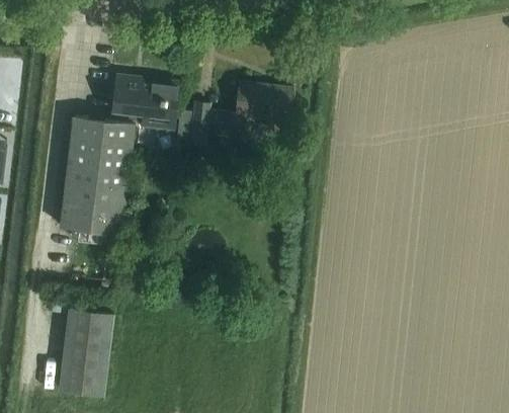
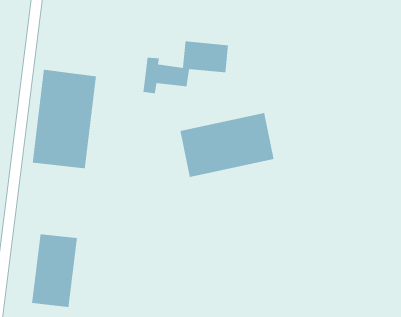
building: [111,76,180,130] -> none
building: none -> [179,112,274,178]

